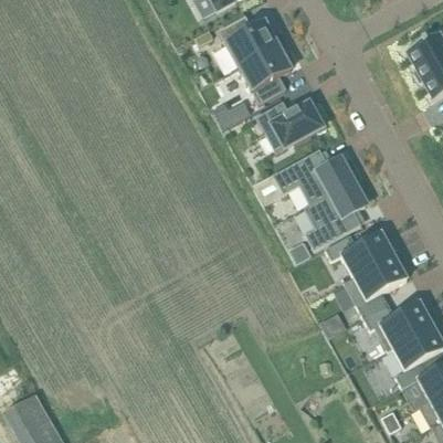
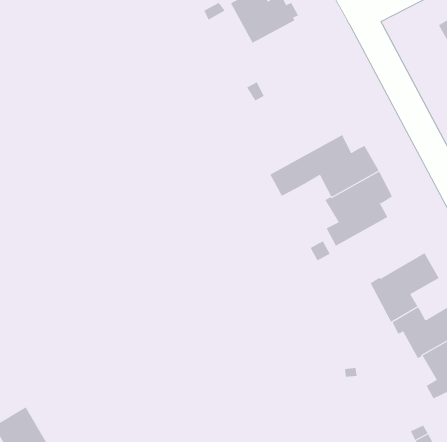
building: [239,45,292,105] -> none
building: [256,101,327,152] -> none
building: [326,232,394,278] -> none

